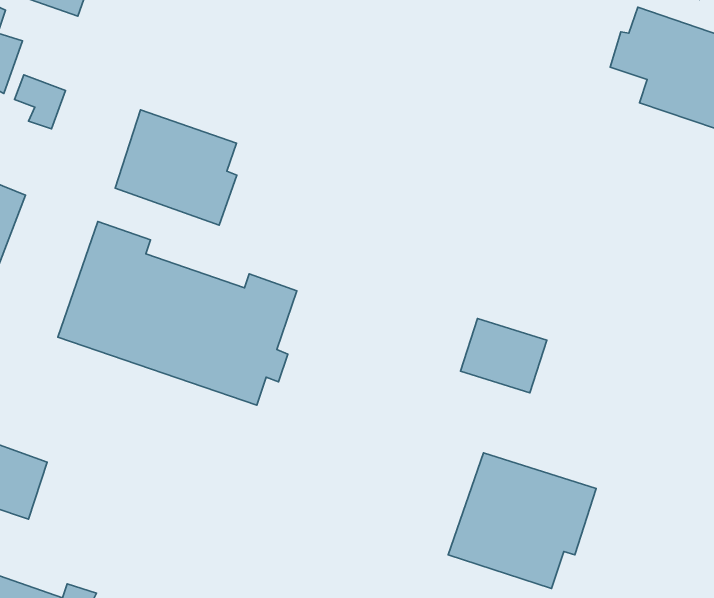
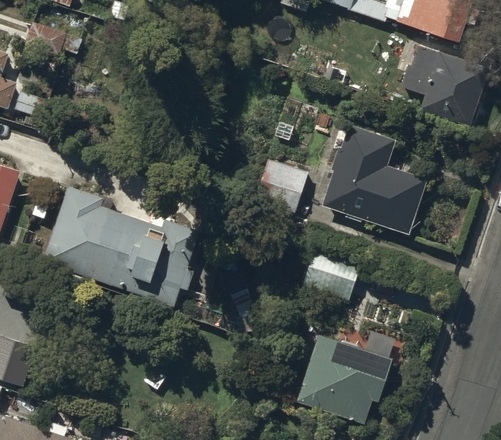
building: [115,110,237,225] -> none
building: none -> [322,125,426,235]
building: none -> [256,158,307,214]

